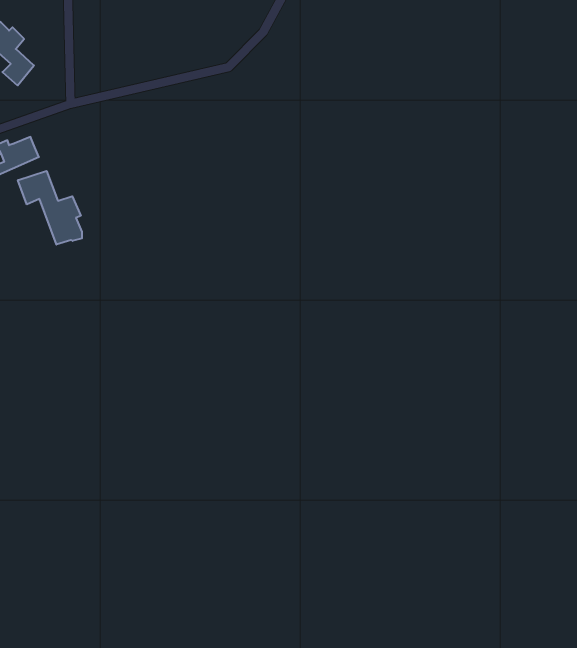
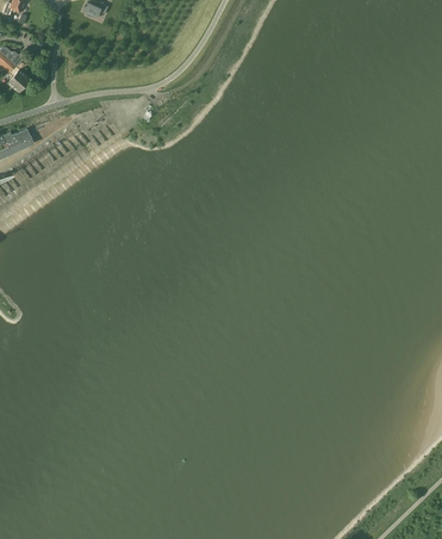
building: [18,171,82,245] -> none

